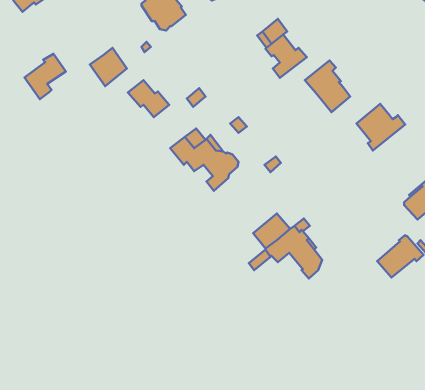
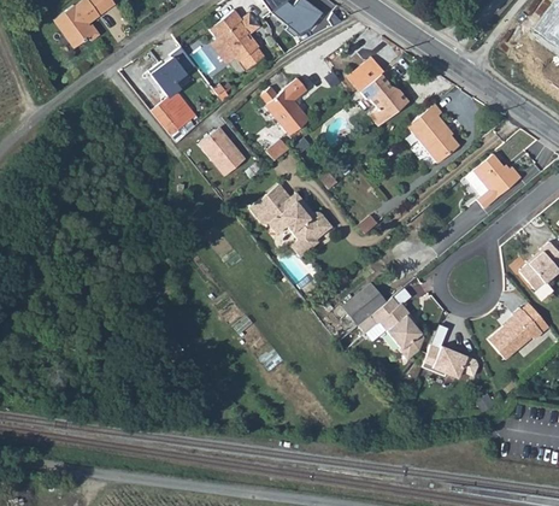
building: none -> [260,78,308,135]
building: [24,54,66,99] -> [151,46,199,99]
building: none -> [423,324,479,381]

